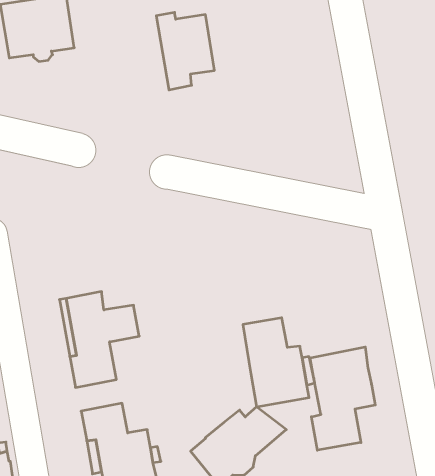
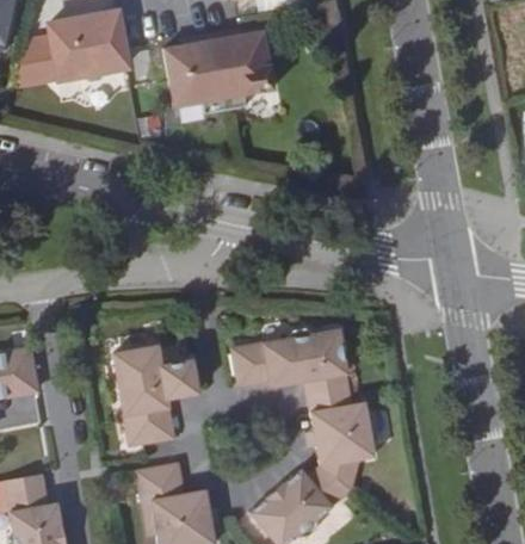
building: none -> [166,52,227,134]
building: none -> [231,323,345,382]
building: [310,347,375,450] -> none

